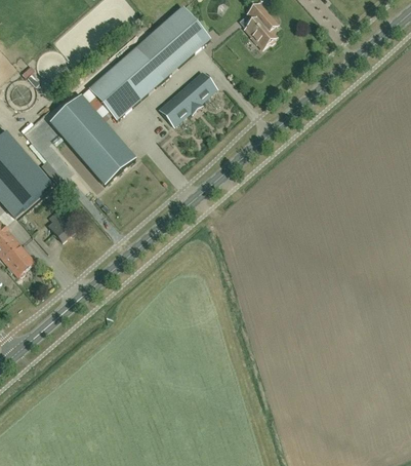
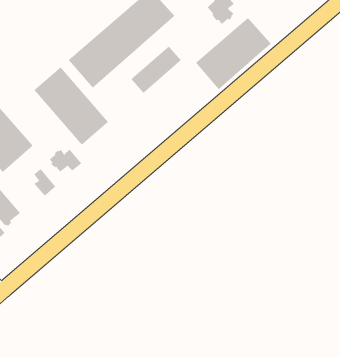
building: none -> [195,17,272,90]
building: none -> [49,149,82,172]

